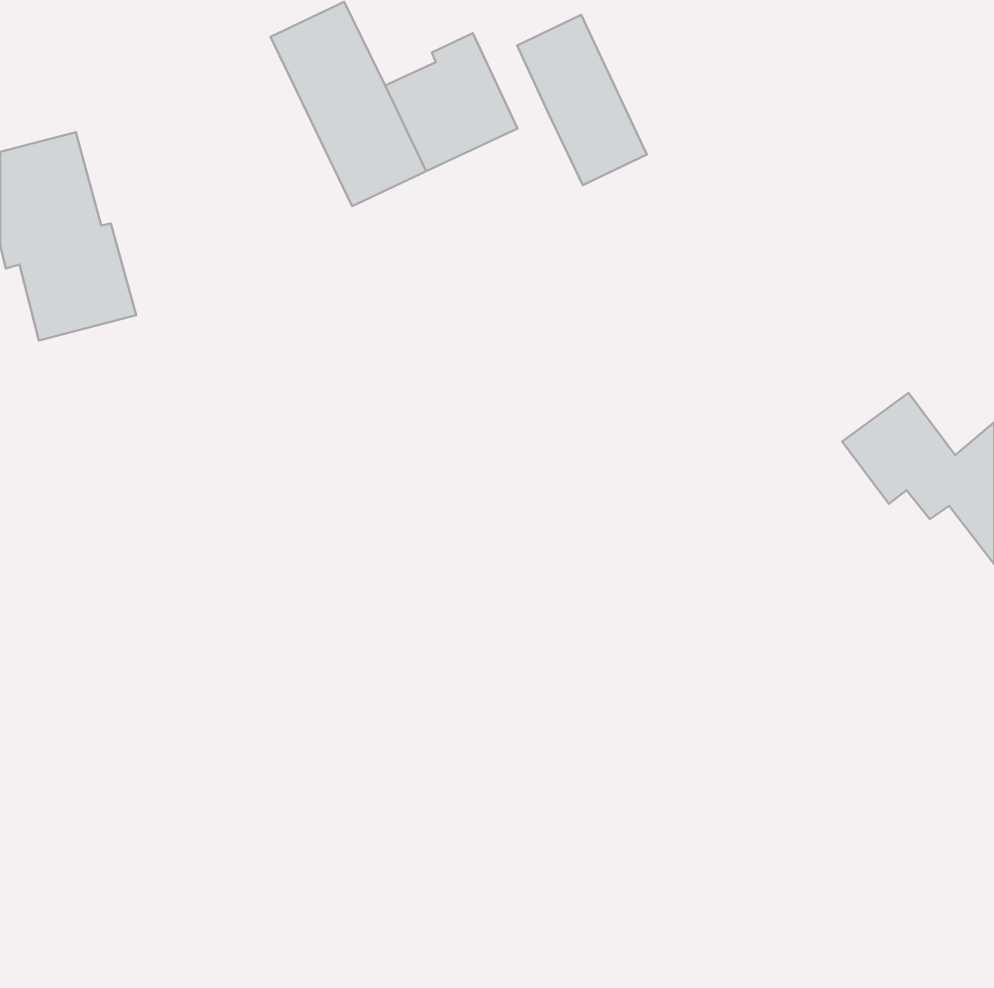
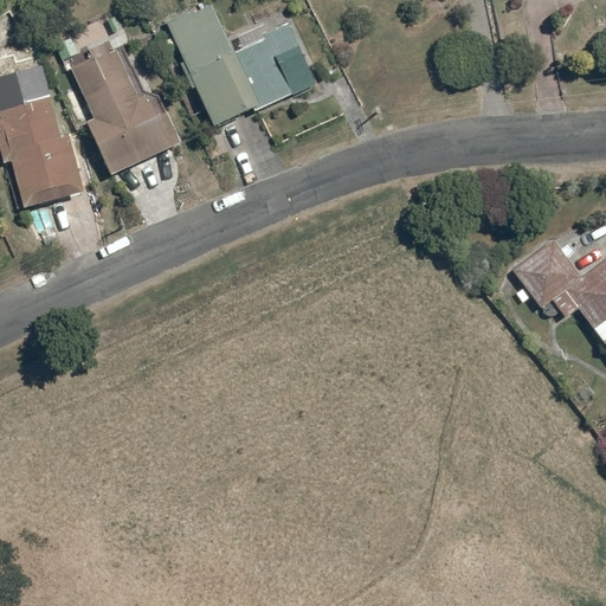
building: [517,15,647,185] -> none
building: none -> [71,40,180,176]

